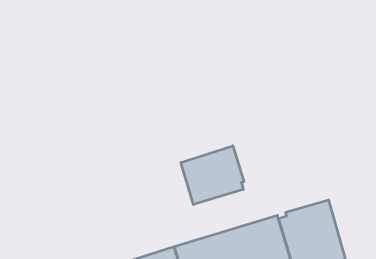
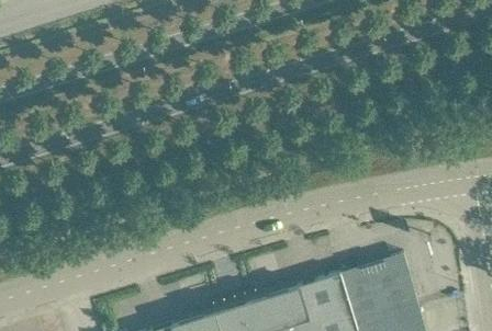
building: [181,146,244,205] -> none

